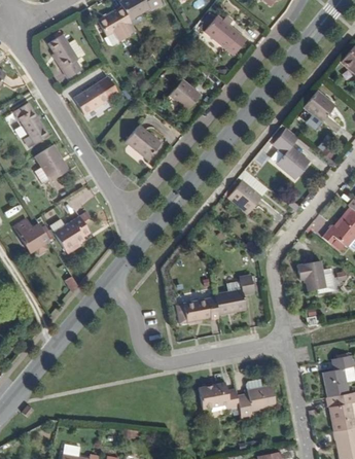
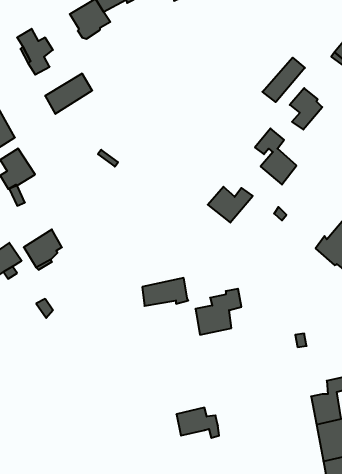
building: [206,13,244,54] -> none
building: none -> [262,58,305,102]
building: [171,78,201,108] -> none
building: [128,125,161,157] -> none
building: [294,258,331,292] -> none
building: [178,296,220,322] -> [142,278,188,306]
building: [236,380,274,418] -> none

